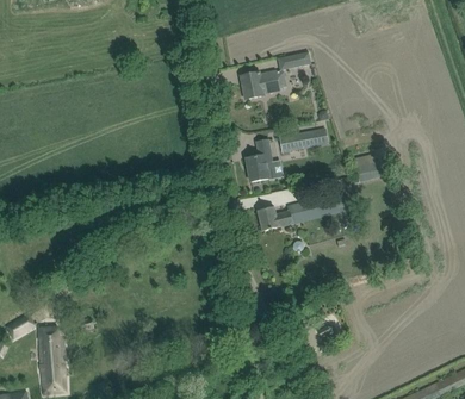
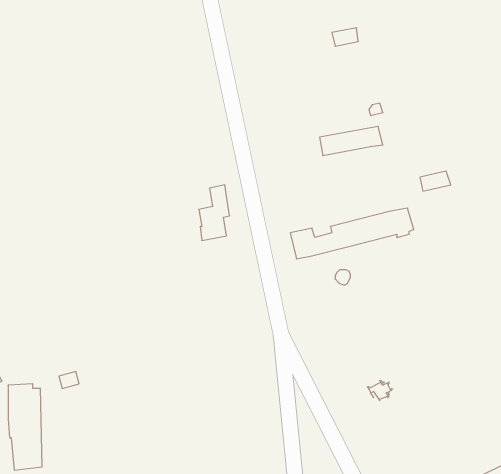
building: [240,70,286,100] -> none
building: [247,139,271,182] -> [199,185,230,240]

